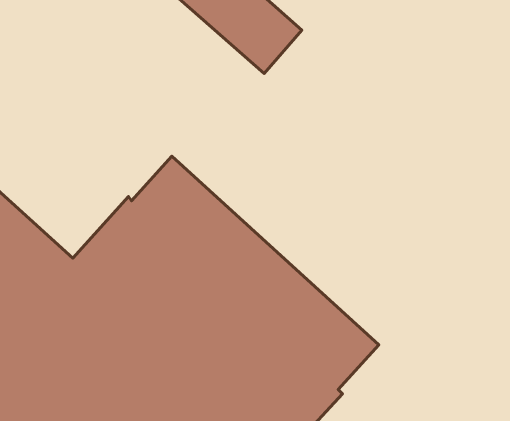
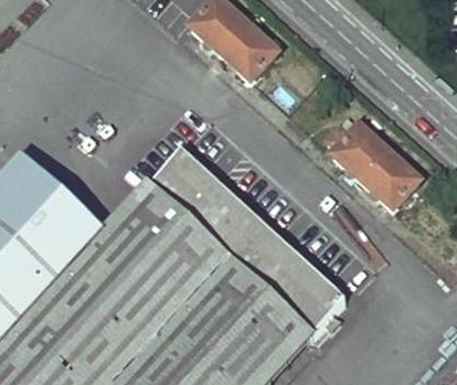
building: none -> [326,117,426,214]

